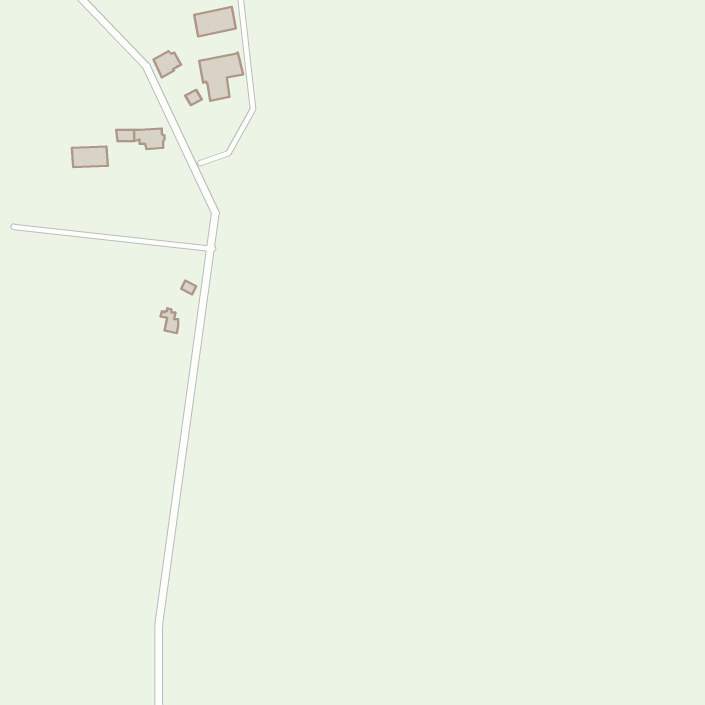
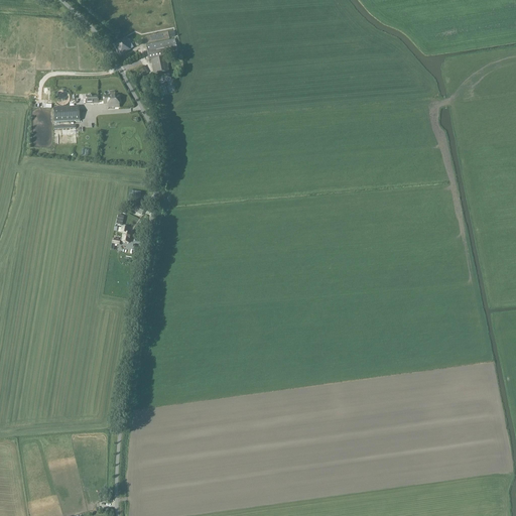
building: [194,7,236,37] -> none

